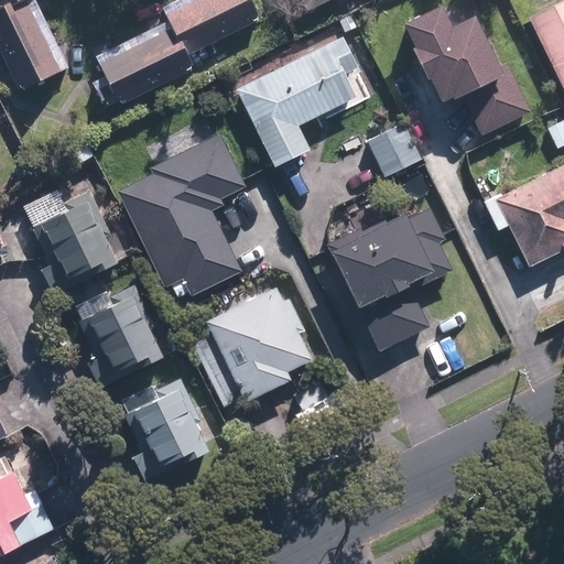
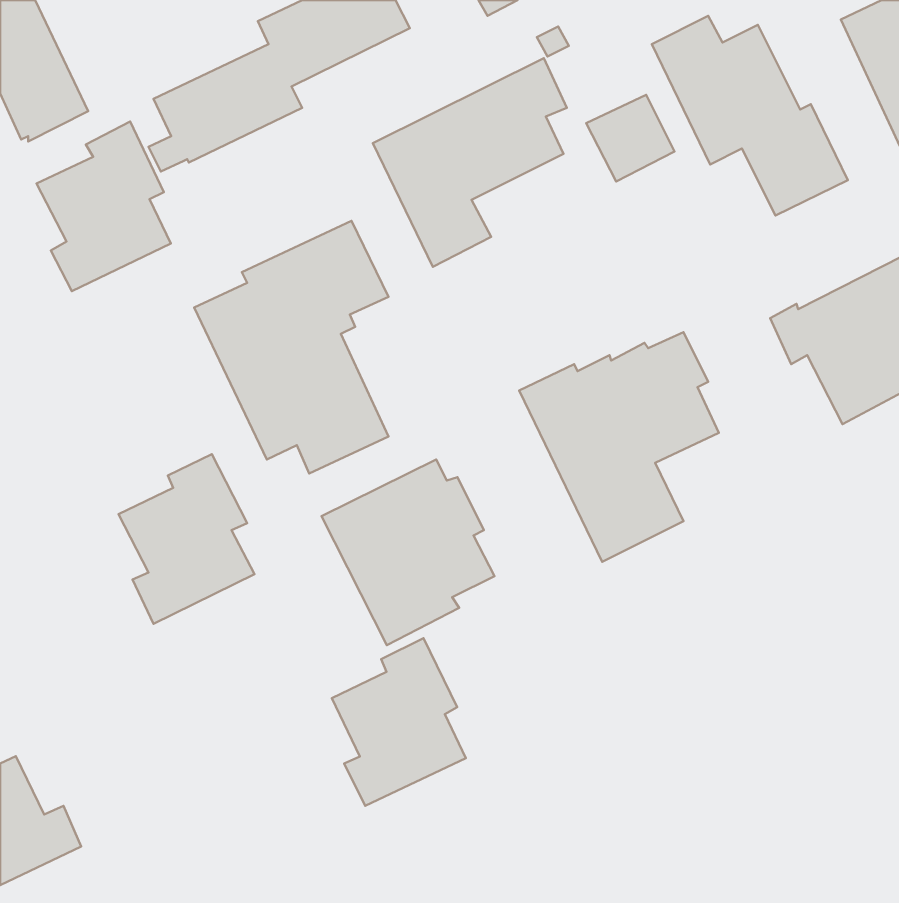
building: [365,122,420,176] -> [586,95,675,182]
building: [34,187,118,293] -> [37,121,171,291]
building: [122,377,206,481] -> [332,638,466,806]

